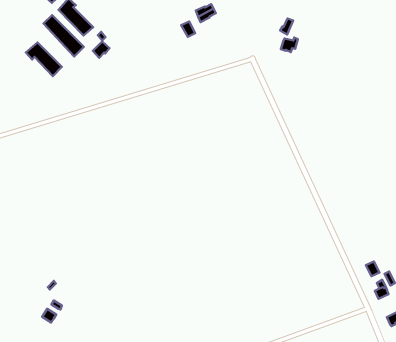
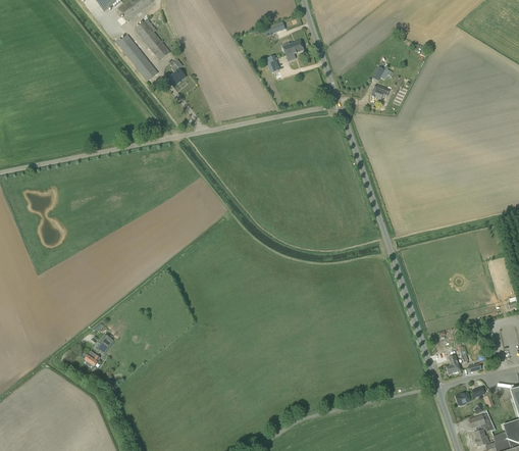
building: [26,42,62,76] -> none

